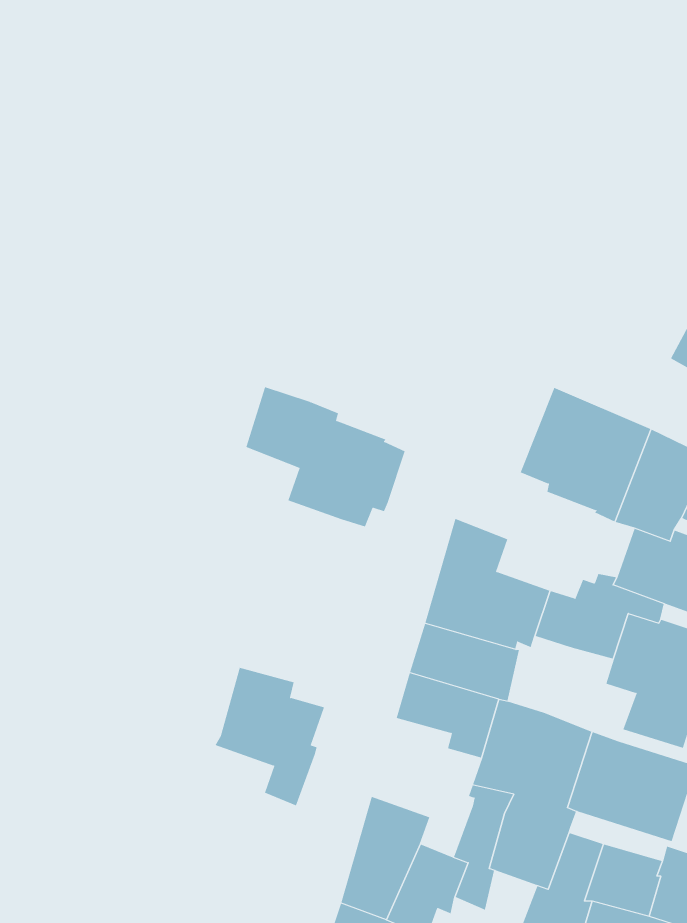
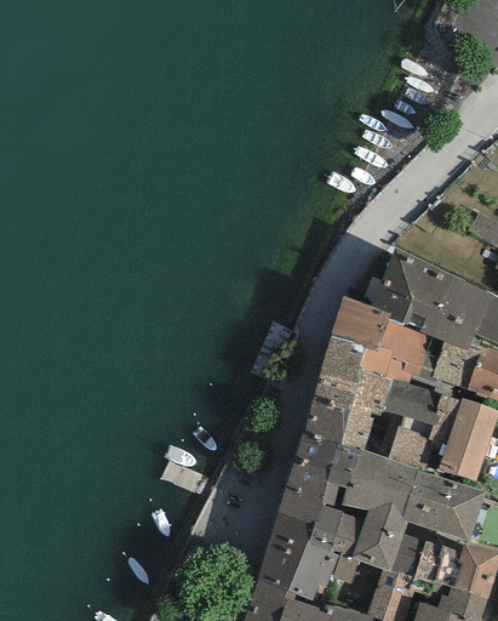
building: [245,386,406,527] -> [331,296,433,386]
building: none -> [388,417,446,477]
building: [214,667,325,806] -> [277,462,348,551]

